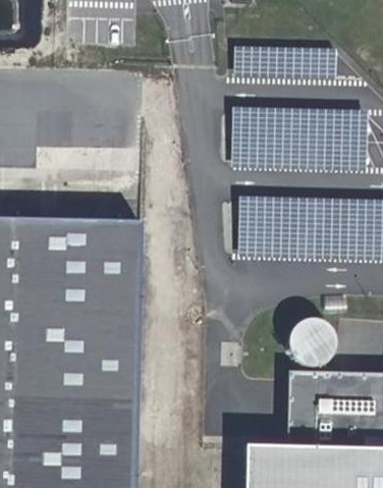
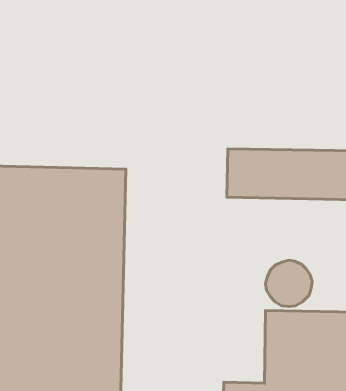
building: [232,50,335,76] -> none
building: [238,112,366,166] -> none

